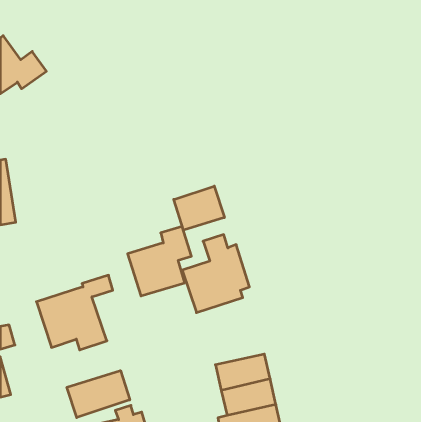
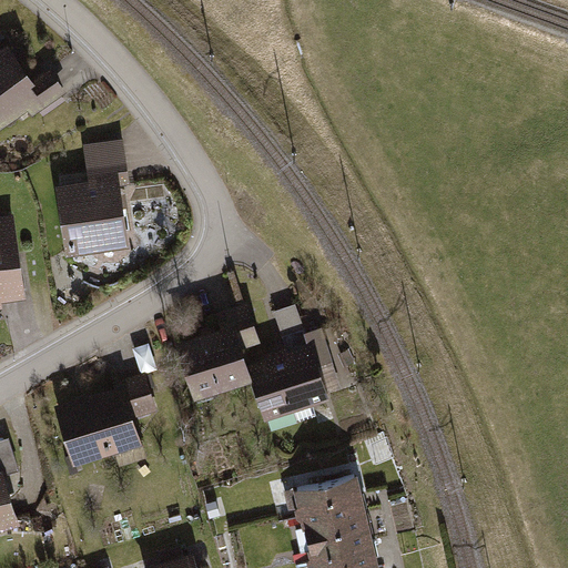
building: none -> [54,142,129,261]
building: [174,186,224,230] -> none
building: [67,371,130,418] -> none

